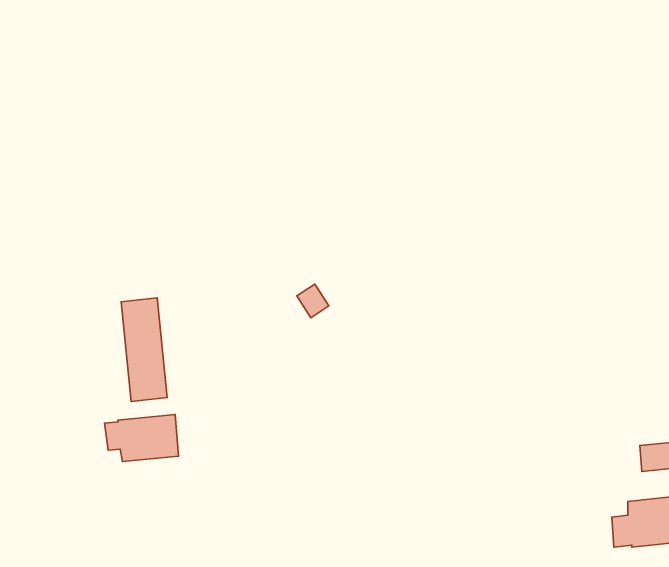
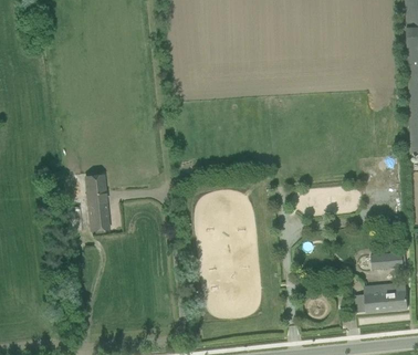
building: [105,414,178,461] -> none

